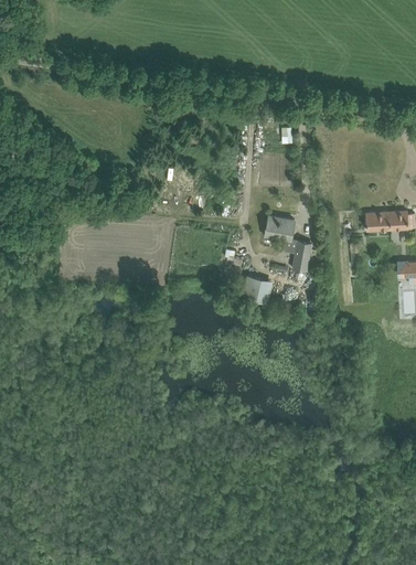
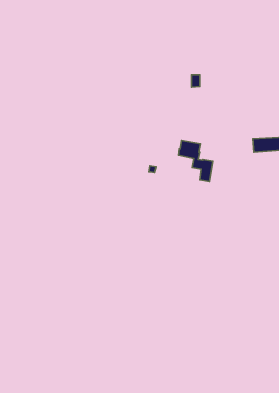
building: [241,275,269,301] -> none

